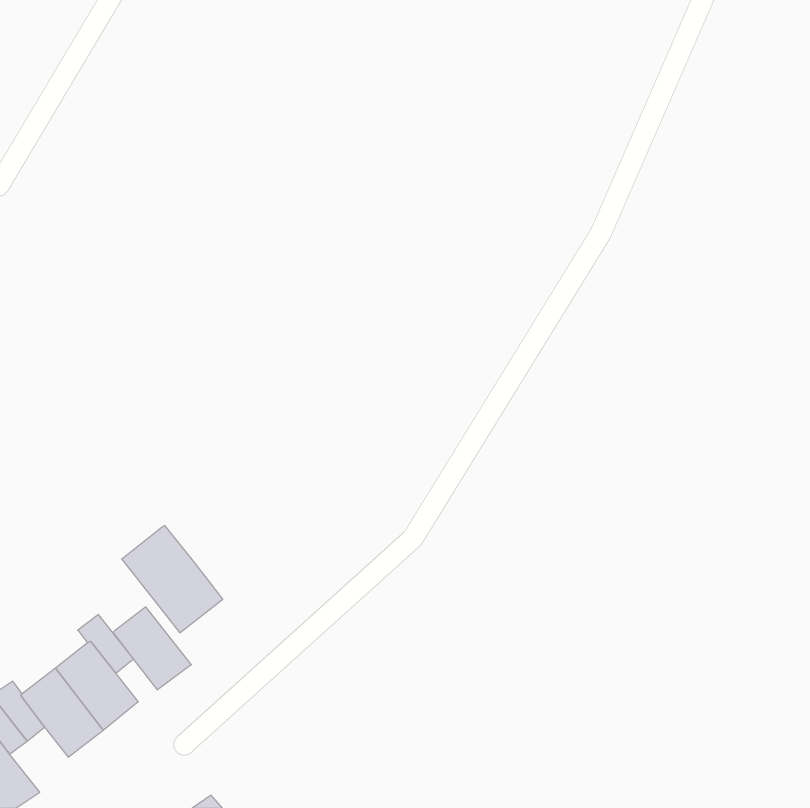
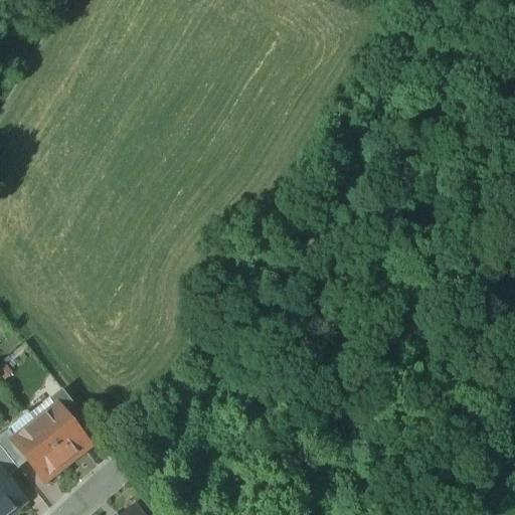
building: [122,525,223,633] -> none
building: [113,607,191,690] -> none

